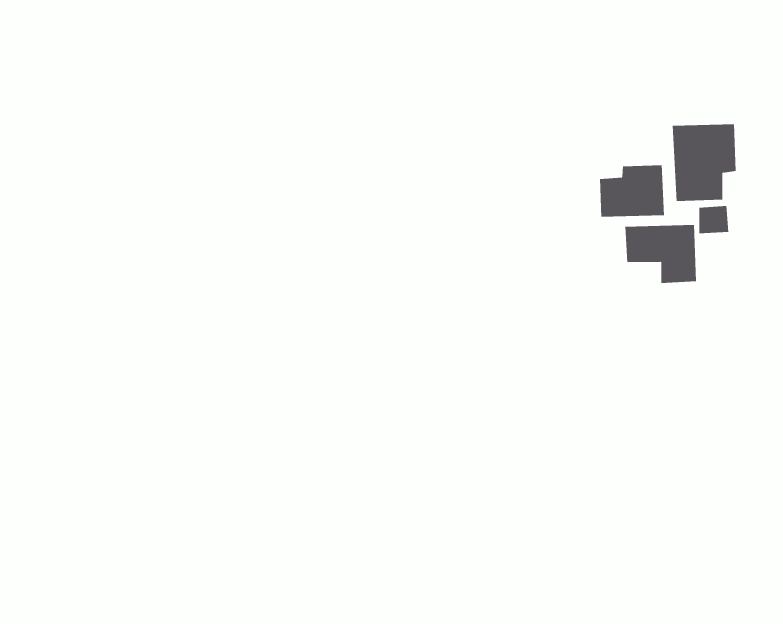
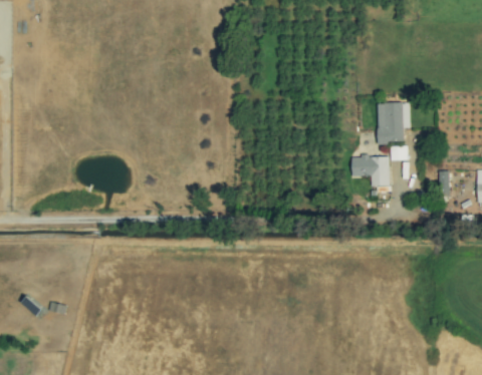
building: [600,164,664,217] -> none

